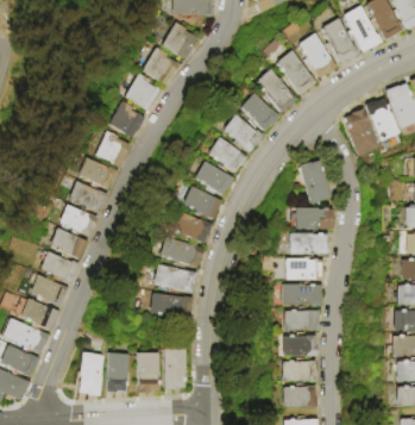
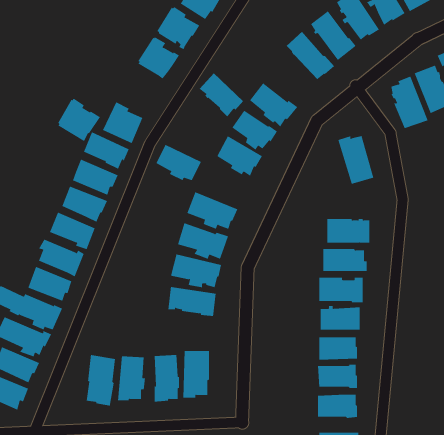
building: [238,92,277,131] -> [199,73,244,117]
building: [107,100,145,138] -> [57,98,101,142]
building: [181,186,221,218] -> [156,144,202,181]
building: [291,207,333,229] -> none

